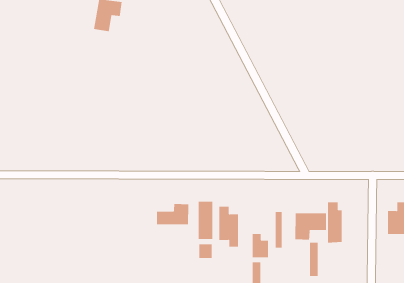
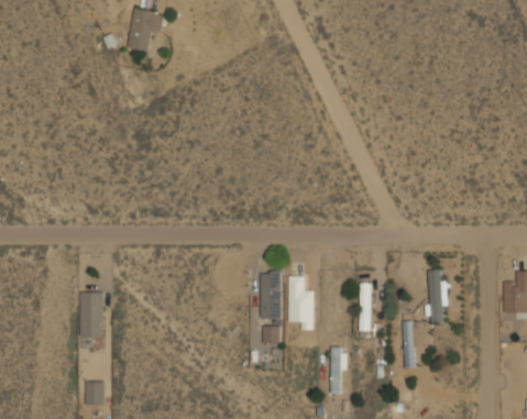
building: [156,203,189,225] -> none
building: [295,212,327,241] -> none
building: none -> [79,290,103,343]
building: [252,233,269,258] -> none

